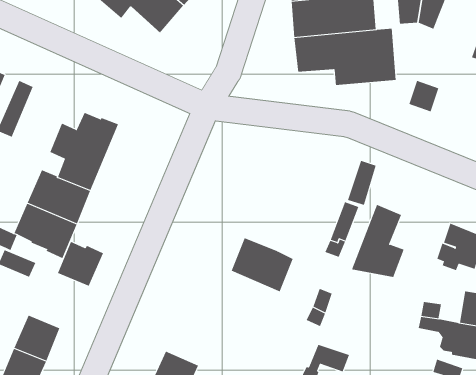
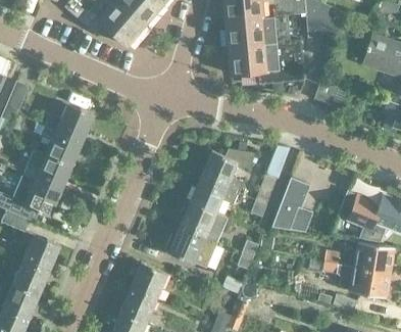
building: none -> [190,149,255,212]
building: [57,241,104,286] -> [24,237,60,272]
building: none -> [168,228,217,263]
building: none -> [130,264,165,300]

